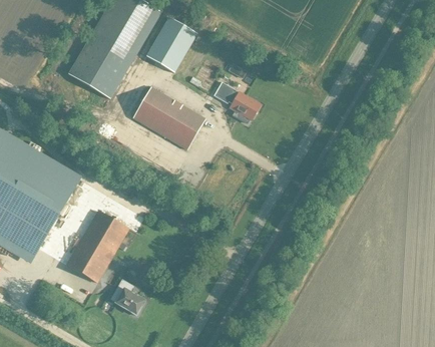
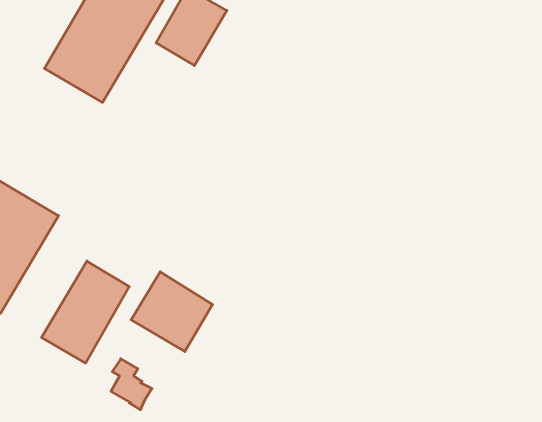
building: [213,81,260,119] -> none
building: [133,86,204,148] -> none
building: none -> [131,272,213,352]

